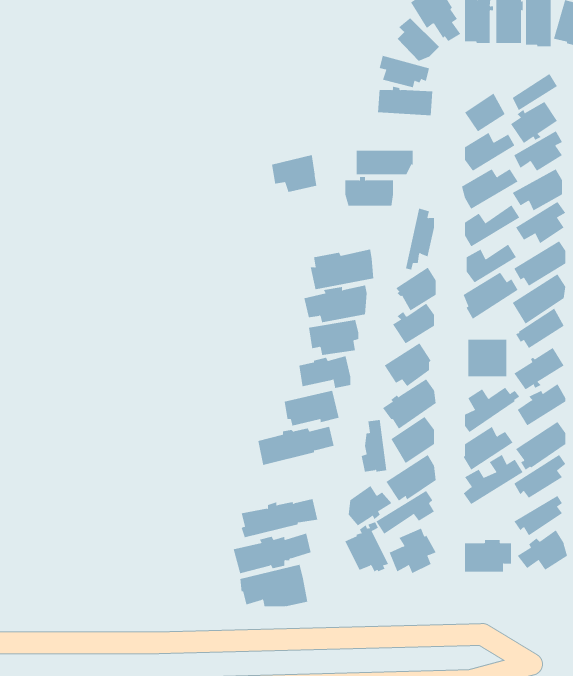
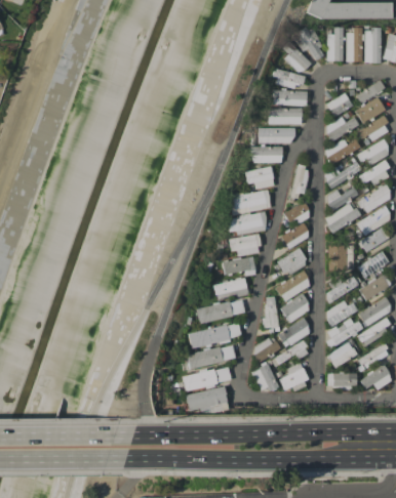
building: none -> [269,109,303,125]
building: [271,155,317,192] -> [246,166,275,190]
building: none -> [189,323,242,349]
building: none -> [329,342,358,369]

